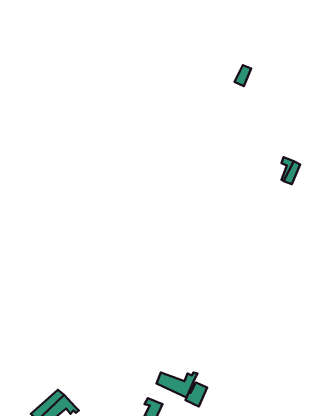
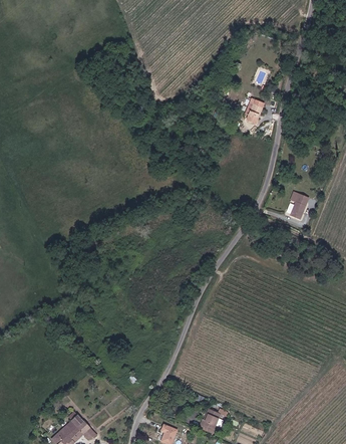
building: [156,372,197,397] -> none

